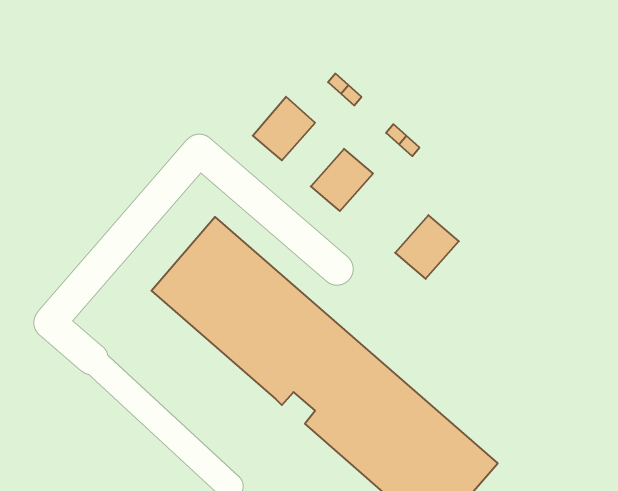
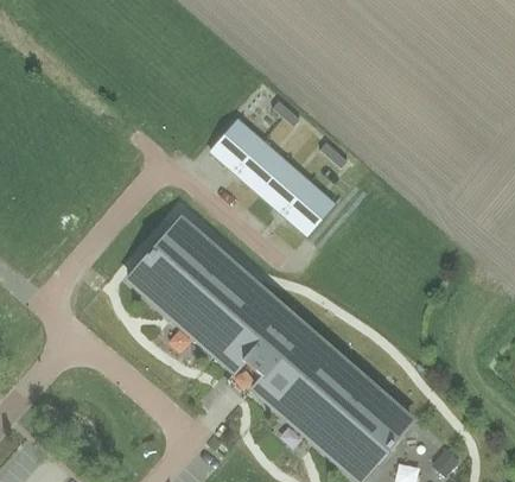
building: none -> [235,140,286,192]
building: [395,215,459,279] -> [282,182,335,234]

